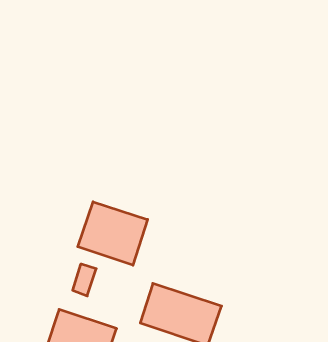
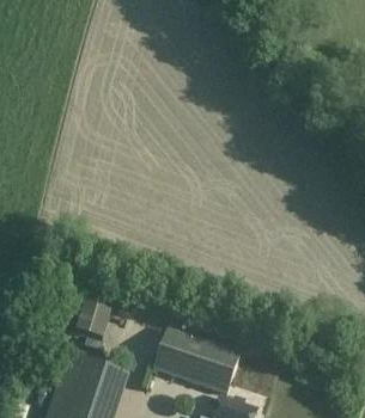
building: [78,202,148,265] -> none

